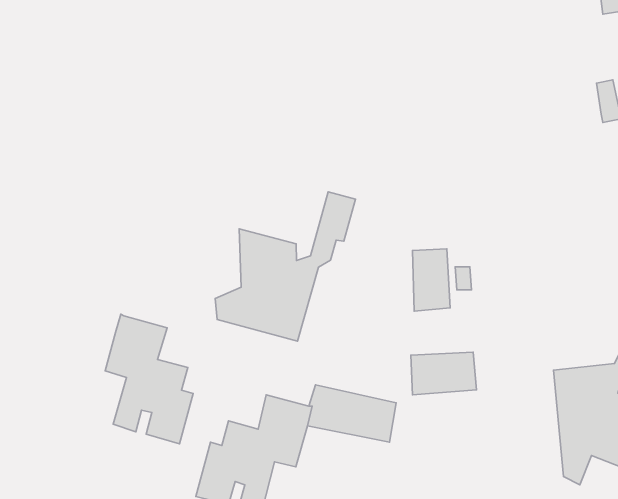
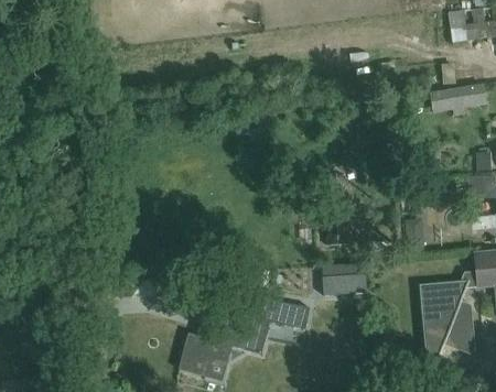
building: [215,192,355,341] -> none
building: [105,314,193,444] -> none

